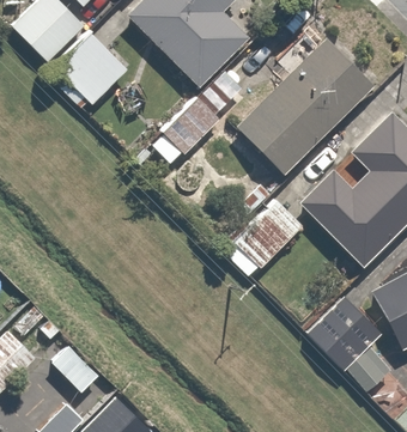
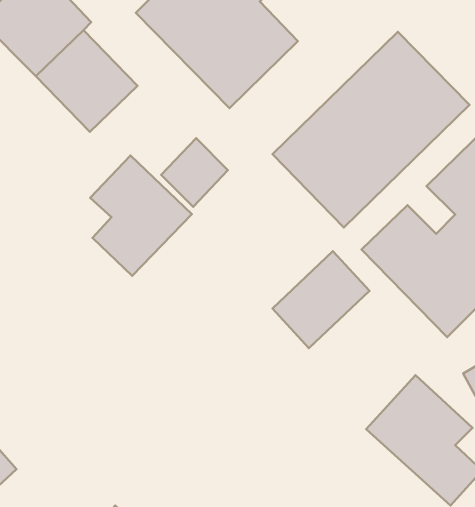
building: none -> [90,155,192,276]

